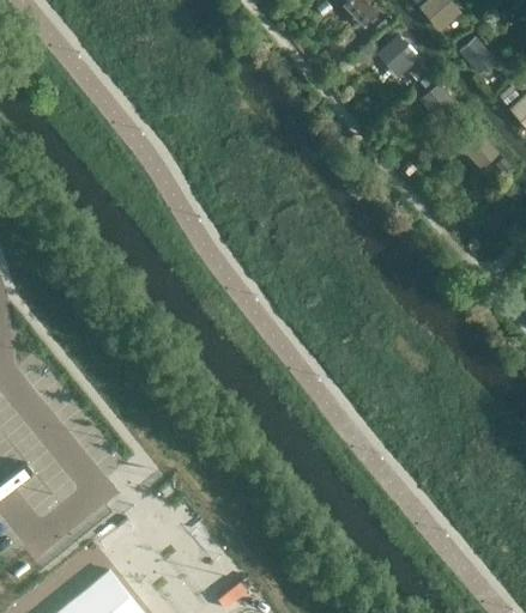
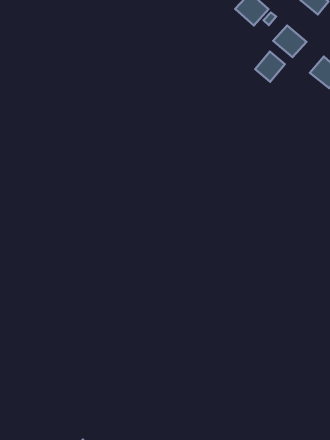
building: none -> [255,51,285,82]

